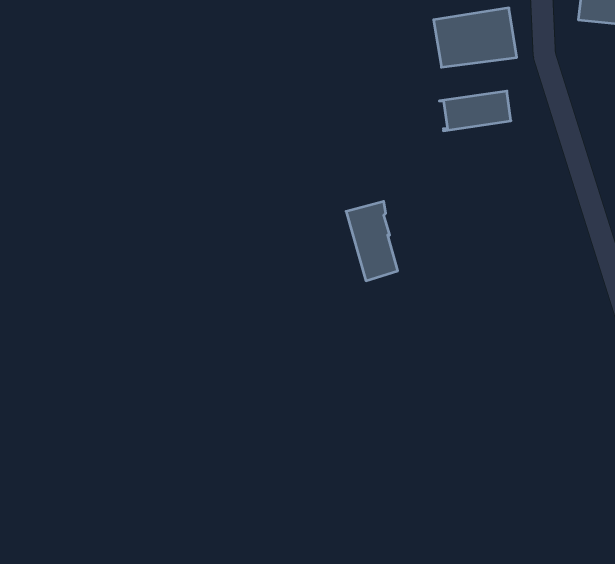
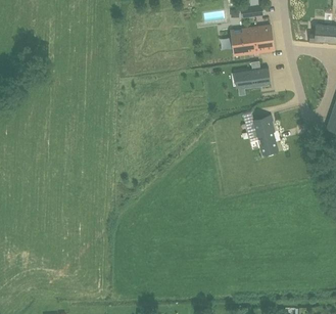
building: [346,201,398,281] -> [252,115,279,155]

